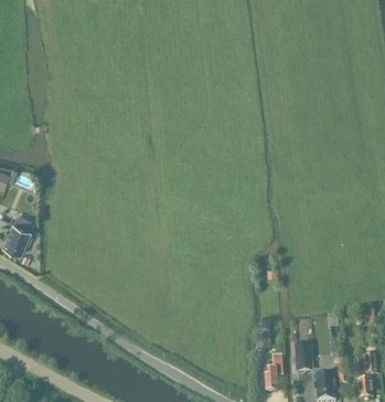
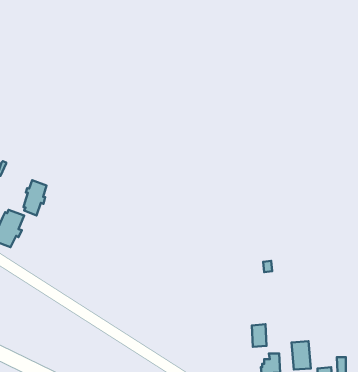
building: none -> [24,180,46,215]

